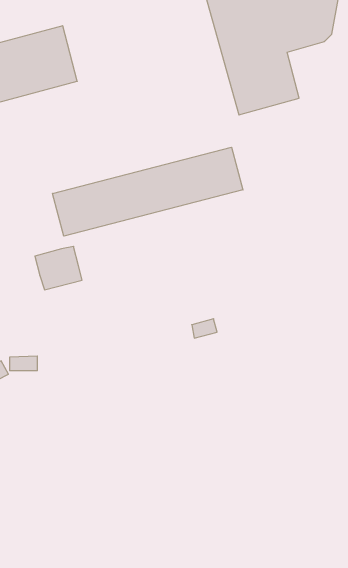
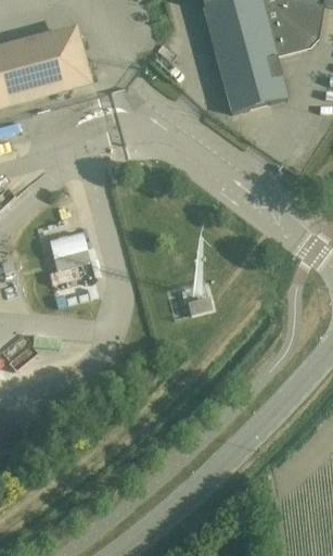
building: [53,147,243,236] -> none

